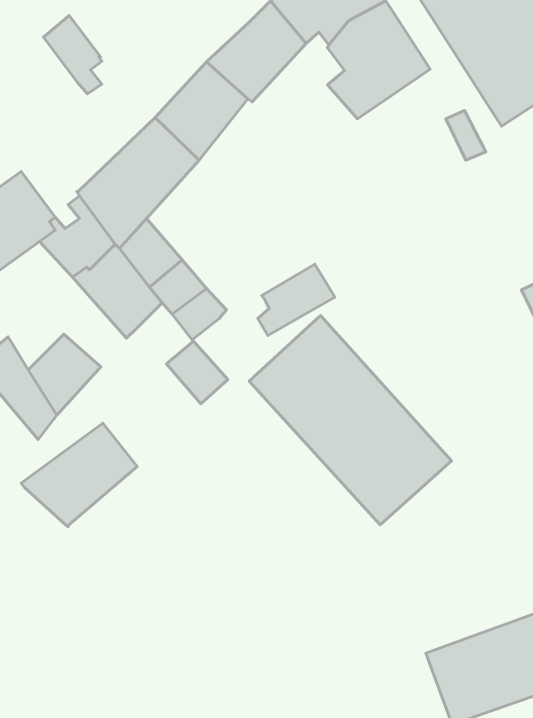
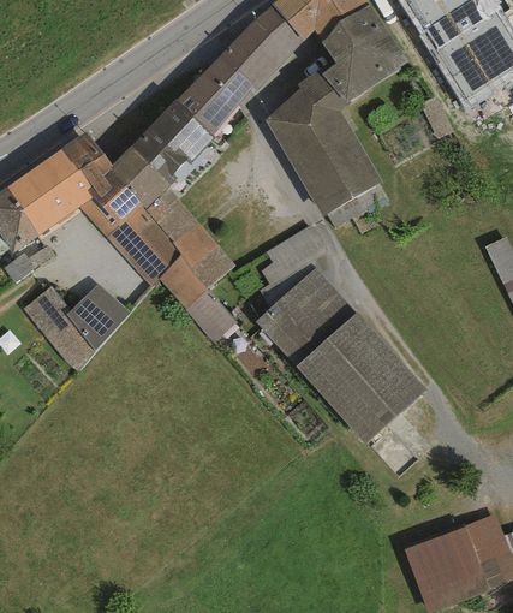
building: [43,16,102,94] -> [62,129,112,195]
building: none -> [266,70,382,215]
building: none -> [160,257,208,309]
building: [21,423,137,527] -> none

